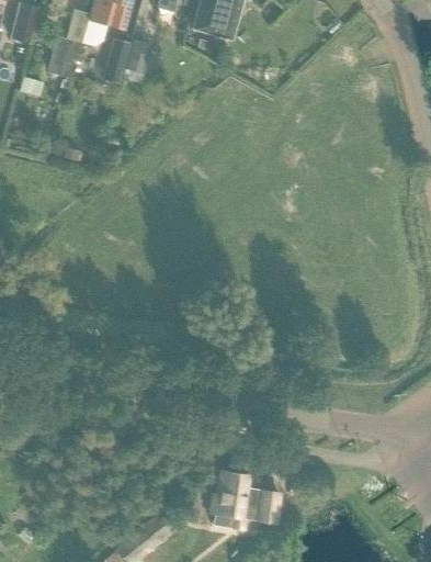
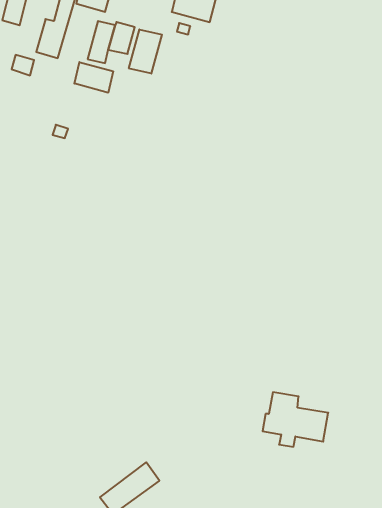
building: none -> [129,29,162,74]
building: none -> [74,62,113,93]
building: [211,470,281,528] -> [263,392,328,447]

